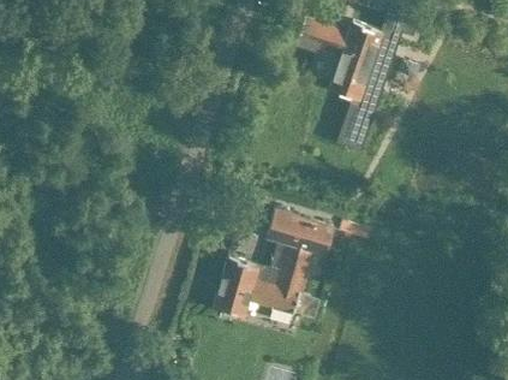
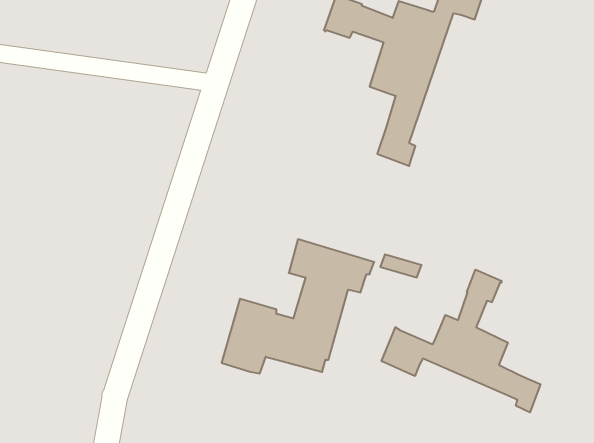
building: none -> [382,270,540,412]

